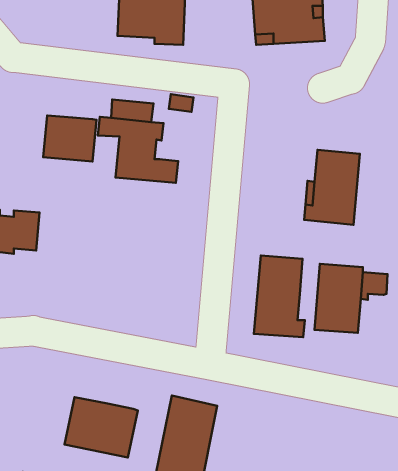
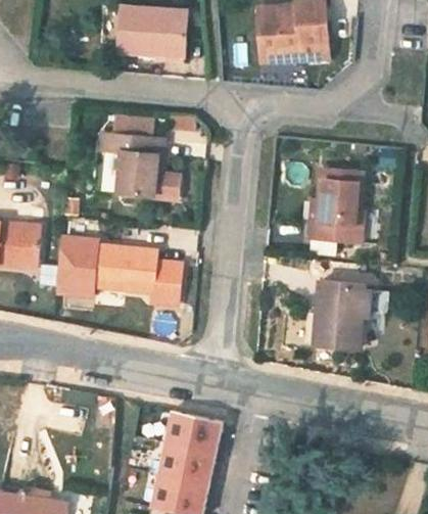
building: [43,115,96,162] -> none
building: none -> [59,239,184,305]
building: [254,255,305,337] -> none
building: [64,397,138,458] -> none

